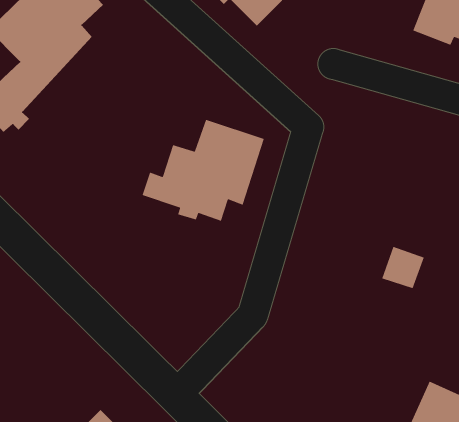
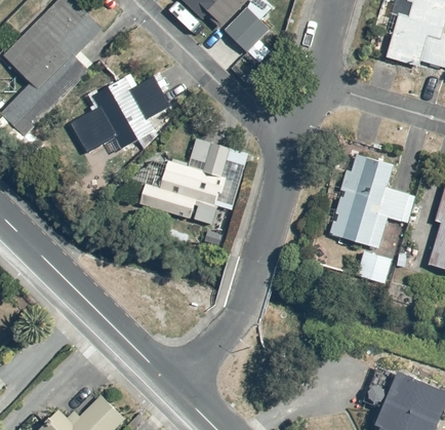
building: none -> [70,71,173,154]
building: none -> [328,149,414,250]

